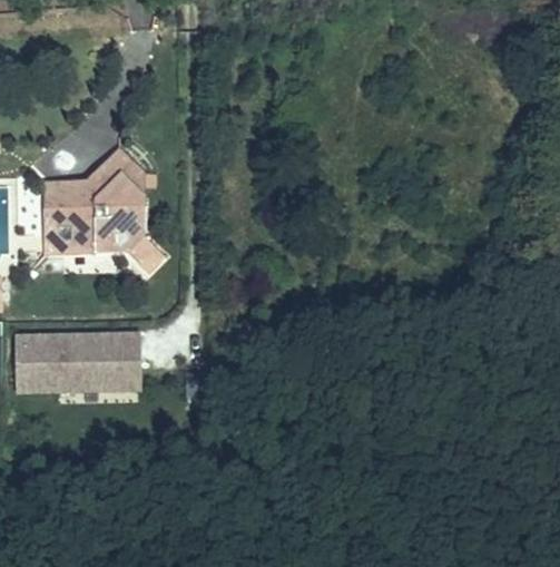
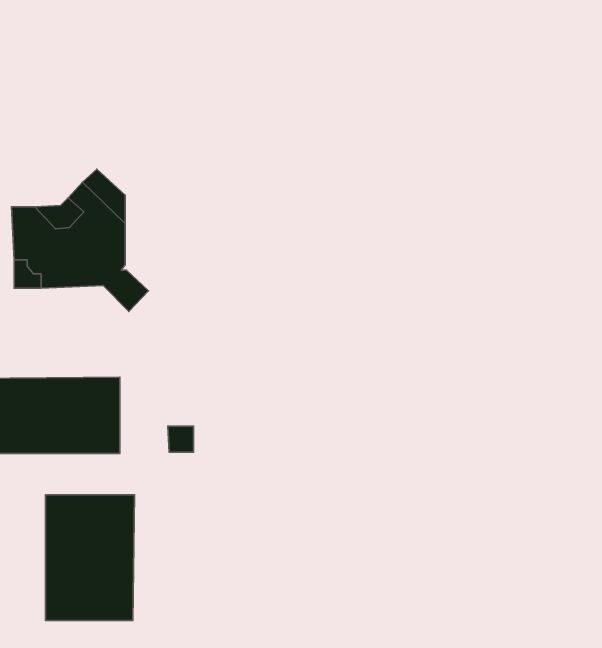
building: none -> [46,495,134,621]

